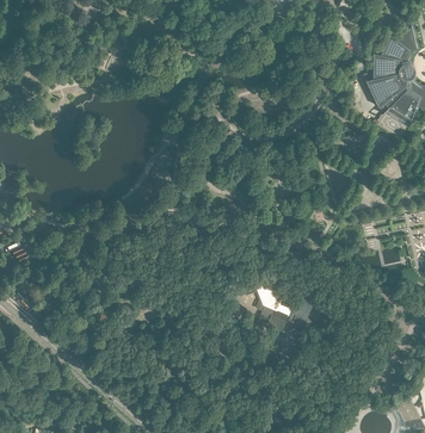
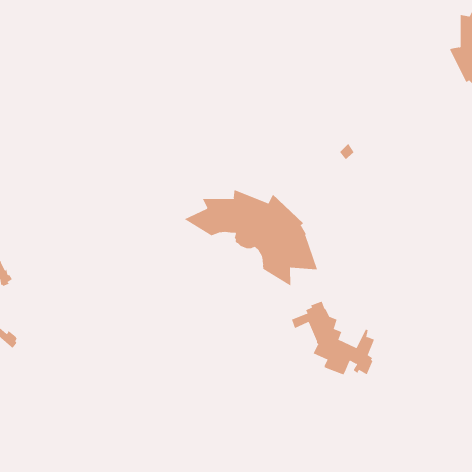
building: none -> [183,189,321,287]

